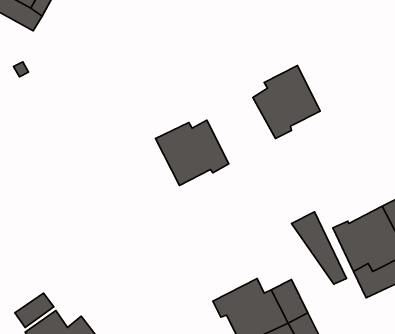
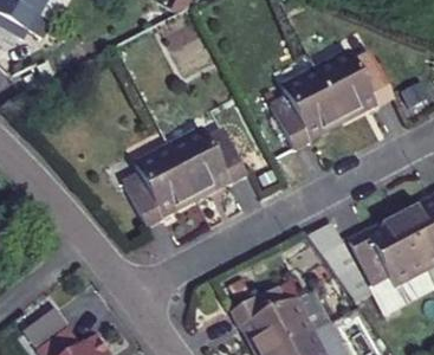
building: none -> [313,52,390,120]
building: none -> [121,148,192,226]

